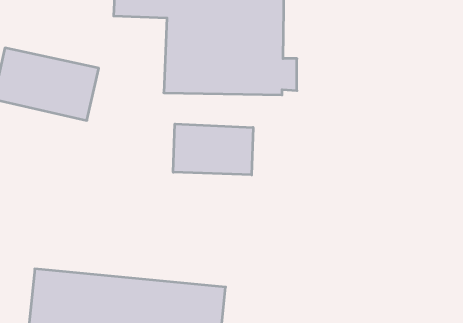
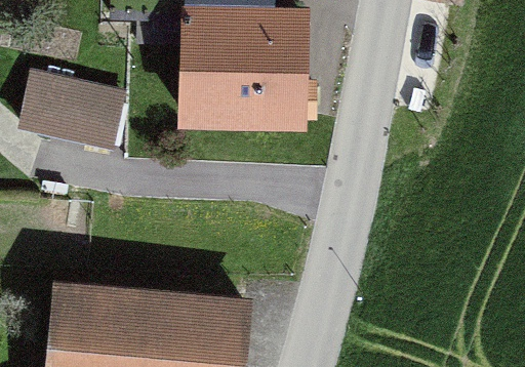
building: [173,124,253,175] -> none

